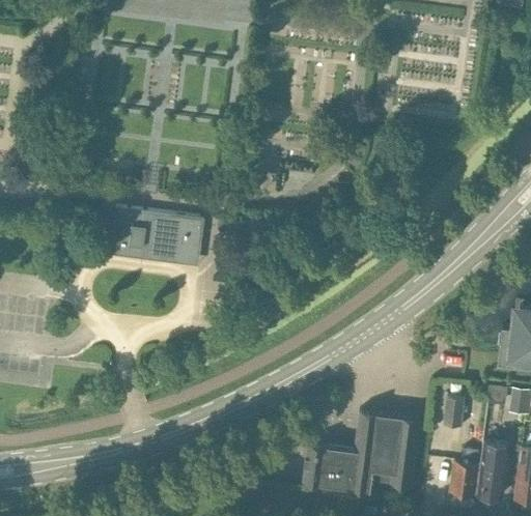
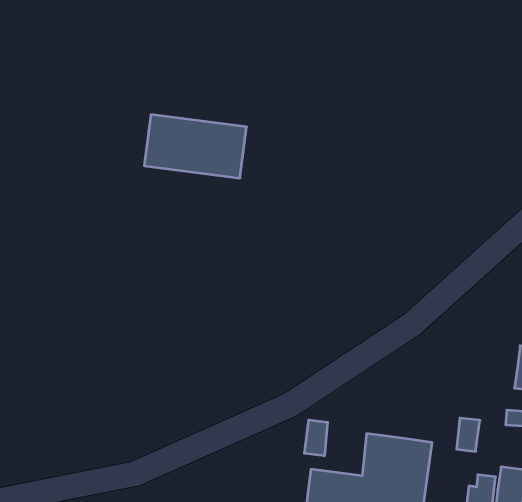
building: [109,208,204,267] -> [144,115,247,178]
building: none -> [304,420,328,456]

